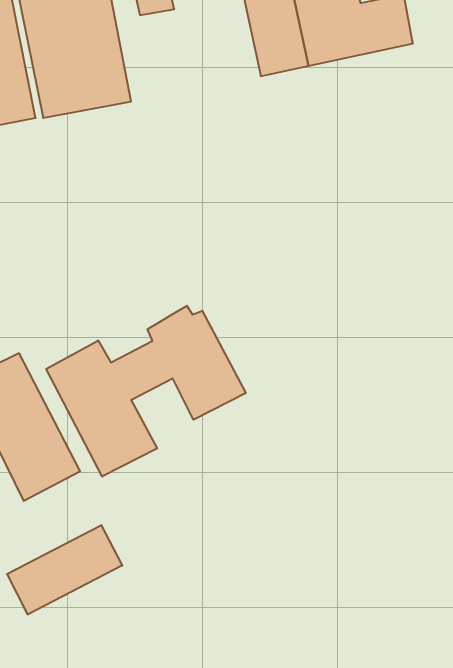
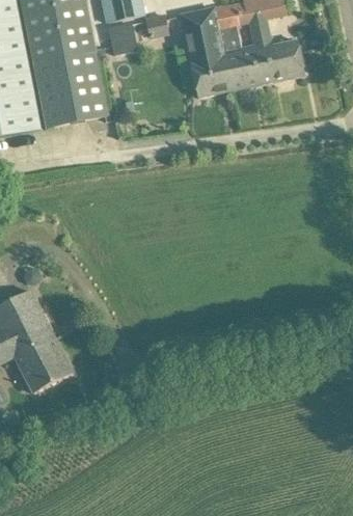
building: [46,306,246,477] -> none
building: [7,525,122,615] -> none

